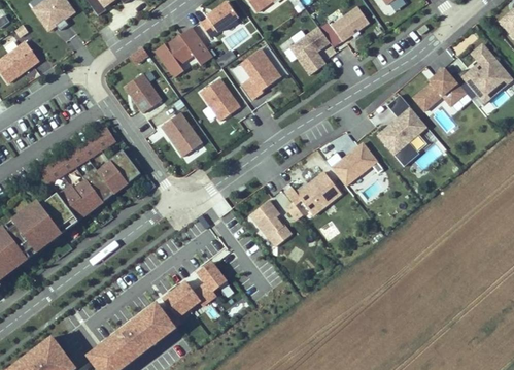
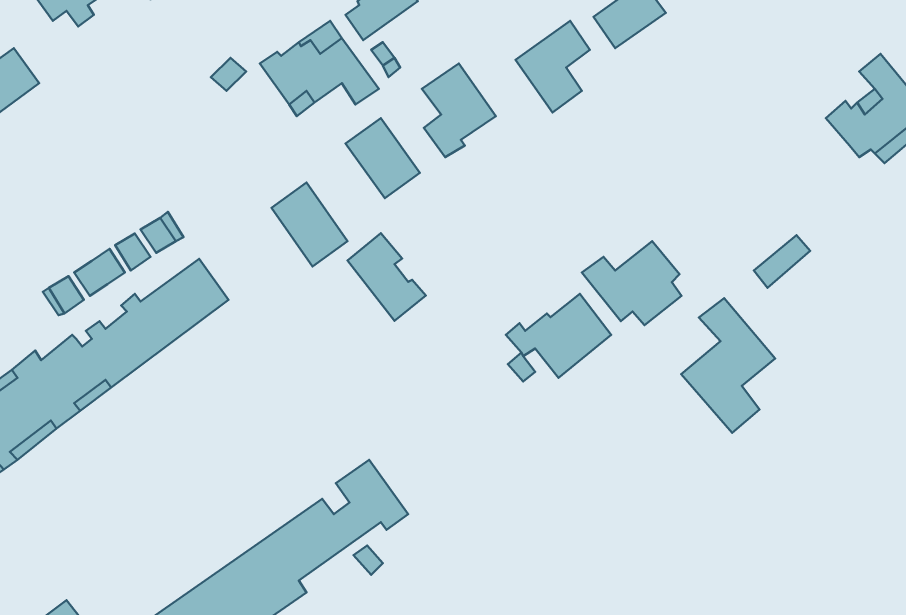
building: [412,67,466,111] -> none
building: [124,74,161,113] -> none
building: [377,95,426,166] -> [681,298,775,433]
building: [250,200,292,246] -> [348,233,426,321]

